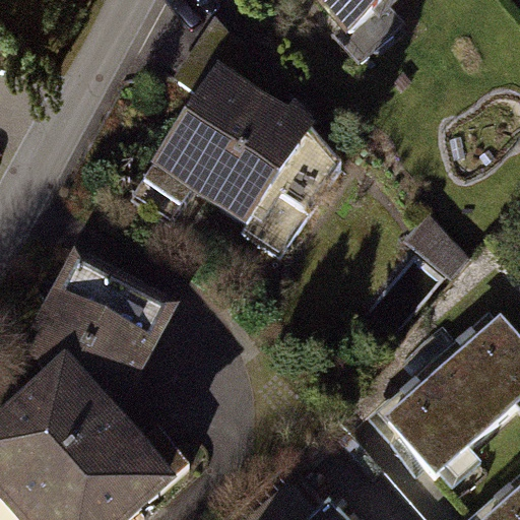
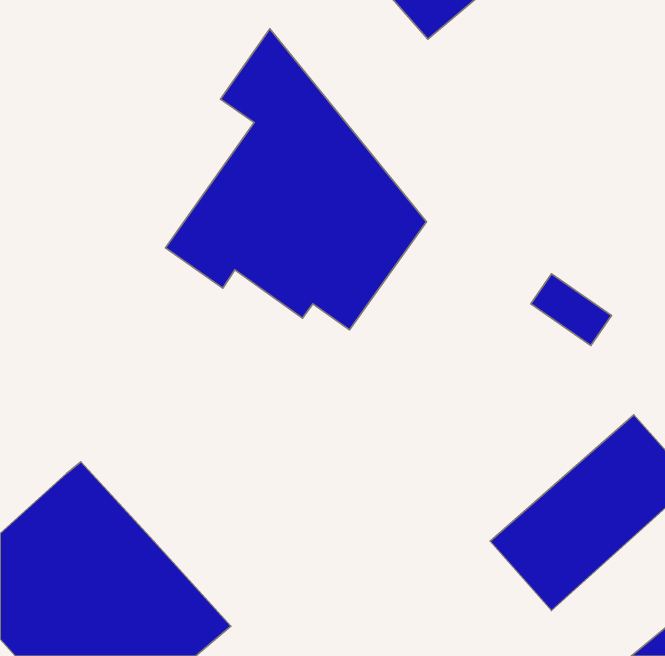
building: [25,247,184,421] -> none

